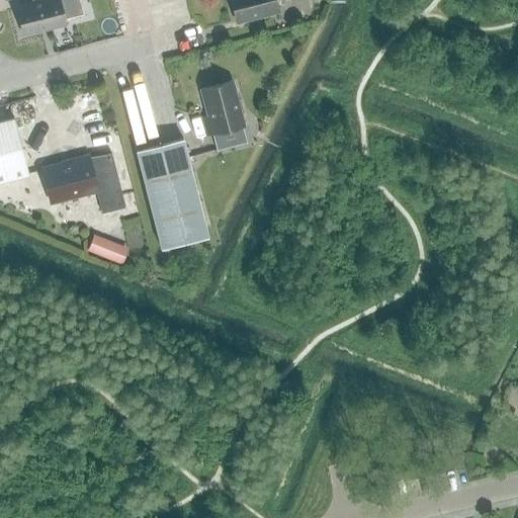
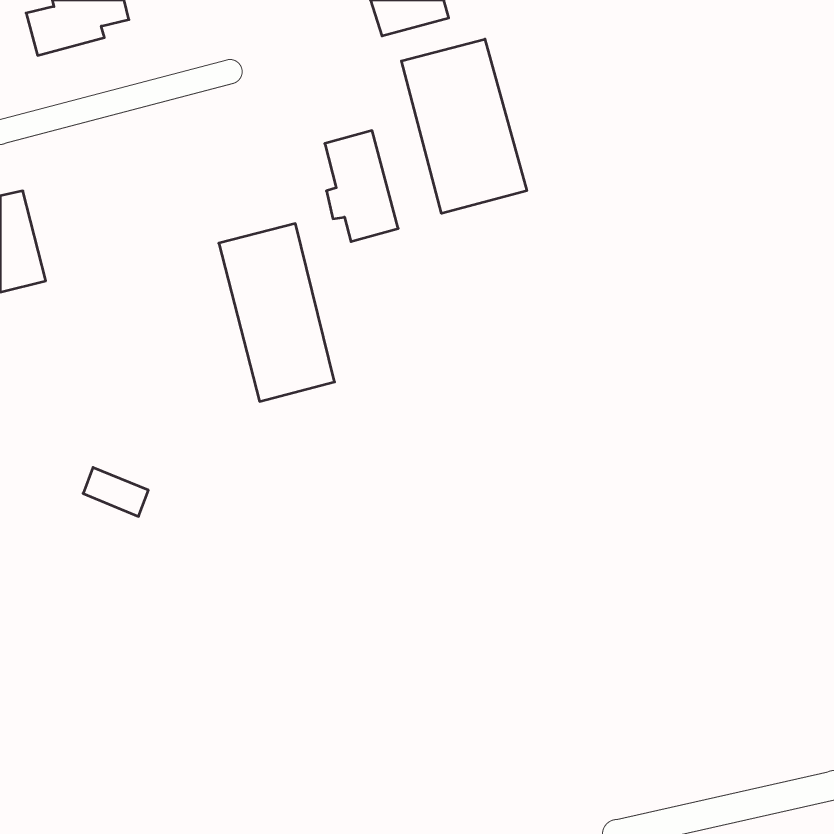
building: none -> [401,39,527,213]
building: [41,154,125,213] -> none
building: [87,234,127,264] -> [83,467,148,516]

